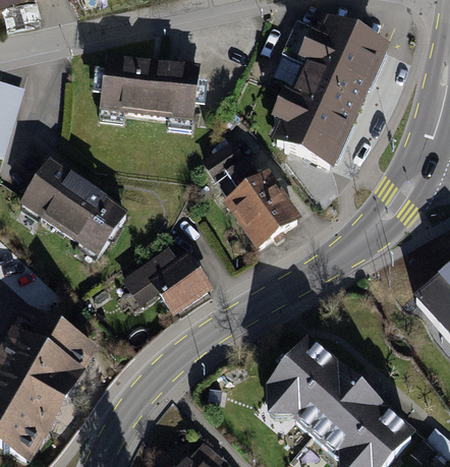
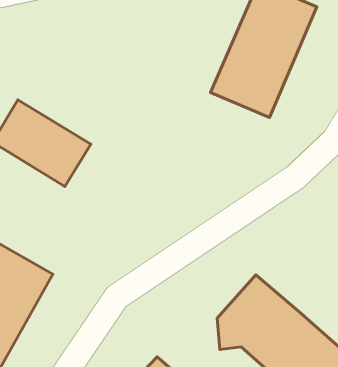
building: [94,62,200,130] -> none
building: [199,151,302,260] -> none
building: [123,241,217,309] -> none

